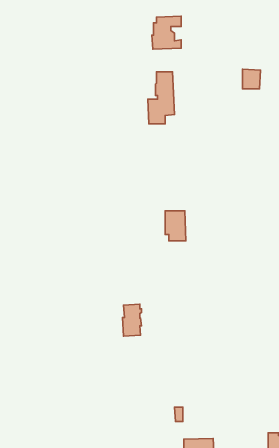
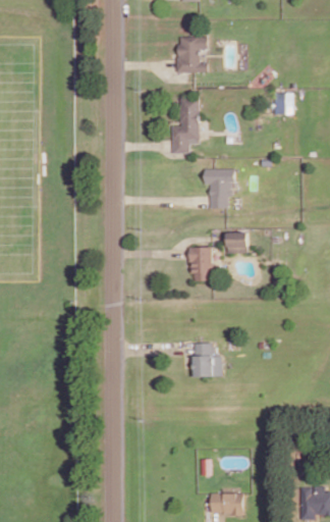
building: none -> [204,168,234,207]
building: none -> [226,231,246,253]
building: [123,304,142,336] -> [192,342,213,376]

